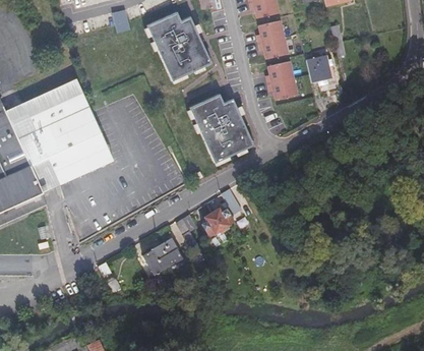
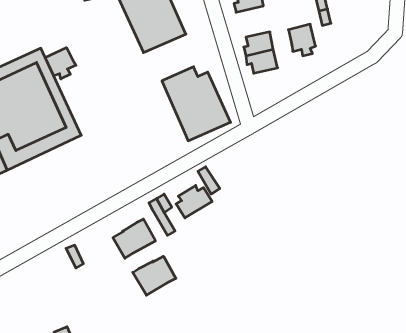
building: [257,38,287,60] -> none
building: none -> [45,48,76,79]
building: none -> [133,256,176,295]

